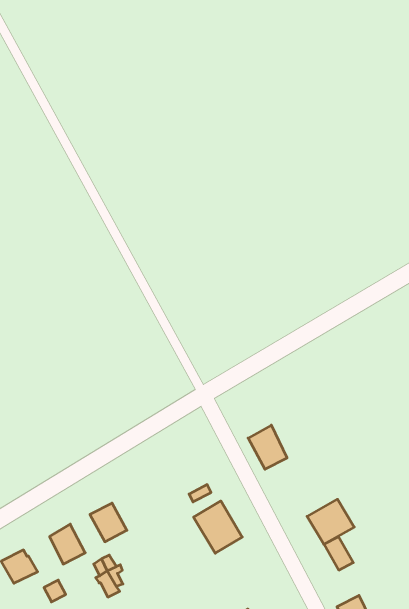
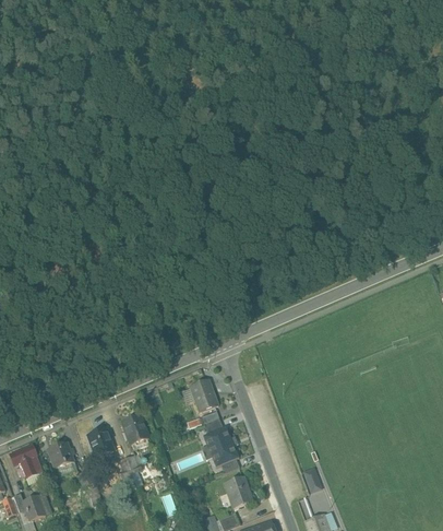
building: [248,425,287,469] -> [190,378,218,412]
building: [307,499,354,544] -> none
building: none -> [225,476,252,507]

